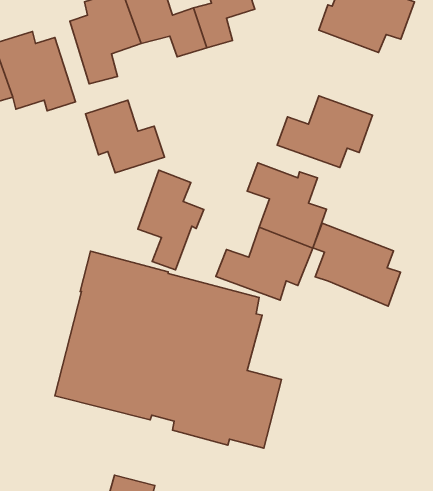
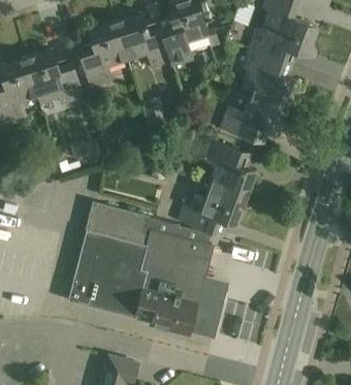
building: none -> [244,49,297,107]
building: [85,100,164,173] -> none
building: [138,170,204,270] -> none
building: [313,223,401,306] -> none

